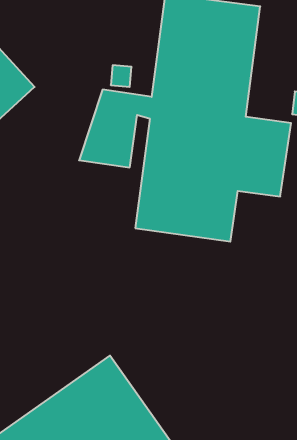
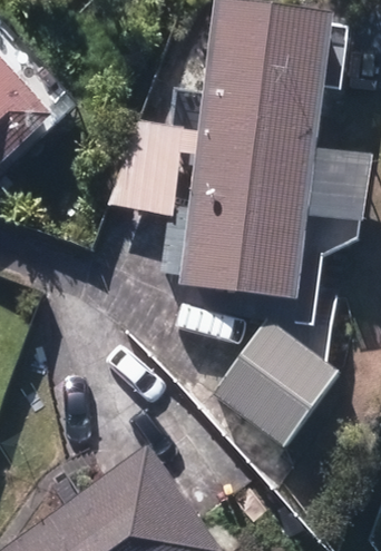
building: none -> [214,318,340,447]

